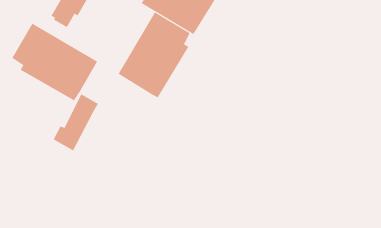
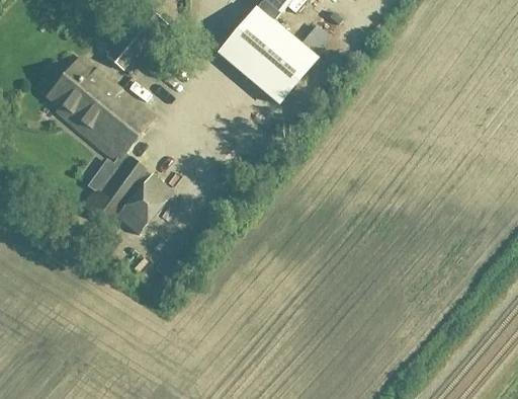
building: [118,12,190,98] -> none
building: none -> [116,172,173,233]

